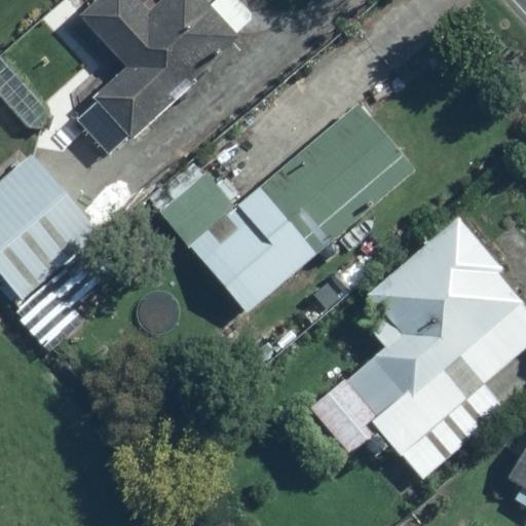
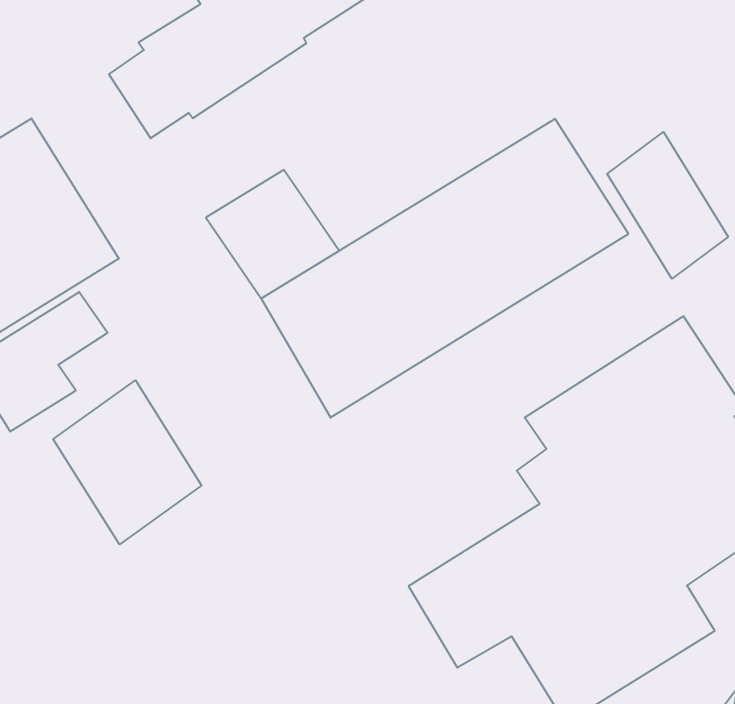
building: none -> [607,132,728,279]
building: none -> [53,380,202,544]

